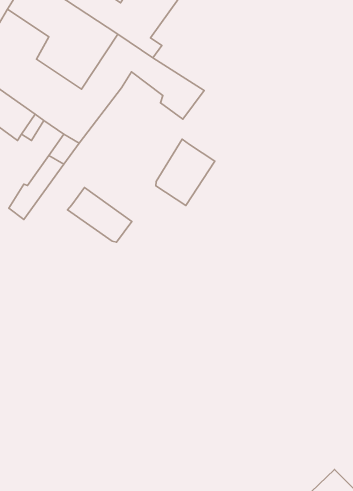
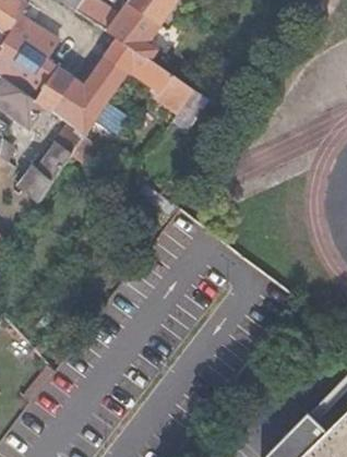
building: [156,139,215,206] -> none
building: [67,187,132,242] -> none

